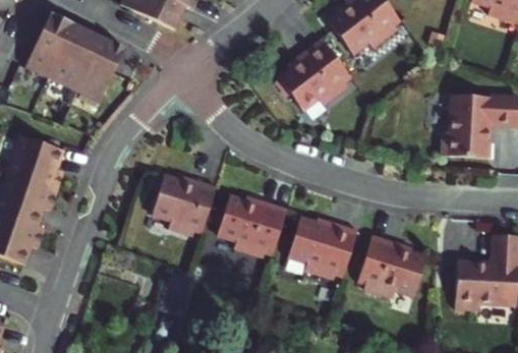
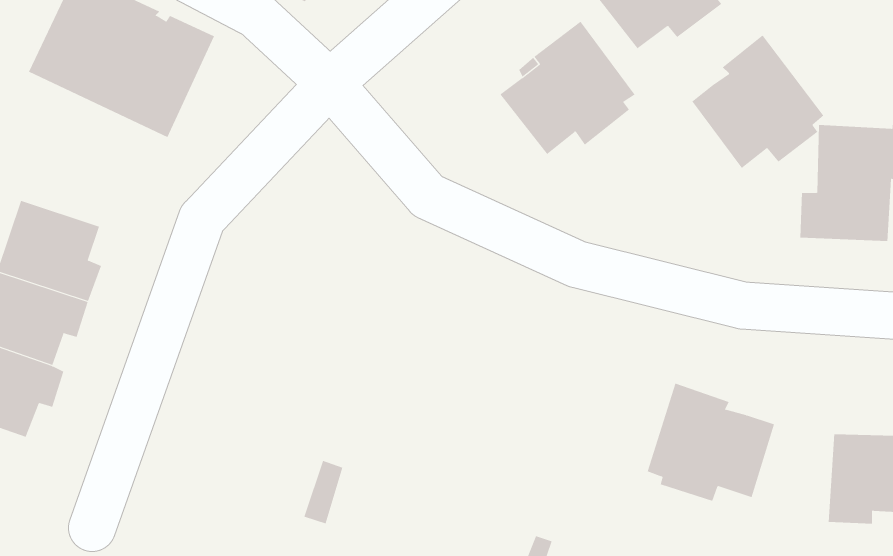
building: none -> [691,34,824,169]
building: [153,175,218,235] -> none
building: [219,195,288,257] -> none
building: [289,217,358,279] -> none

